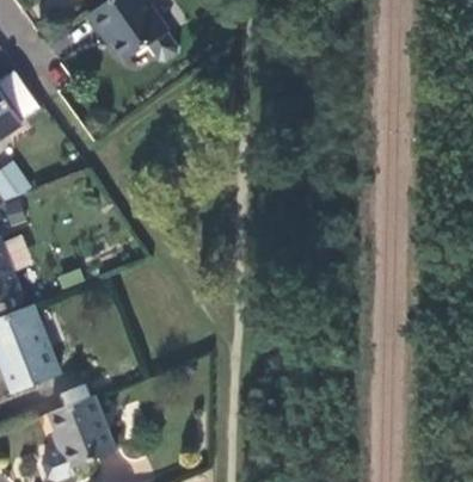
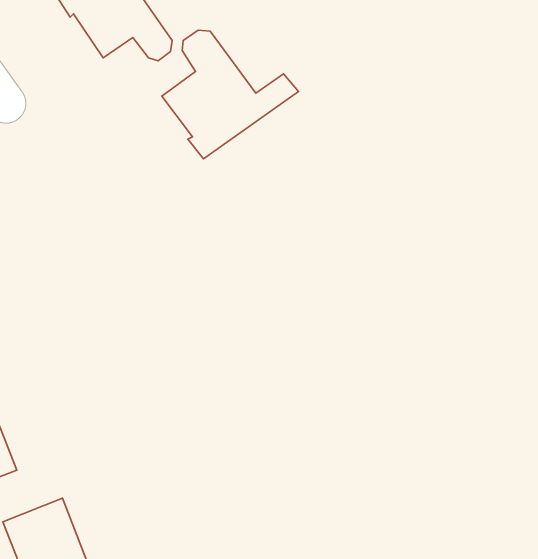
building: none -> [162,30,298,159]

